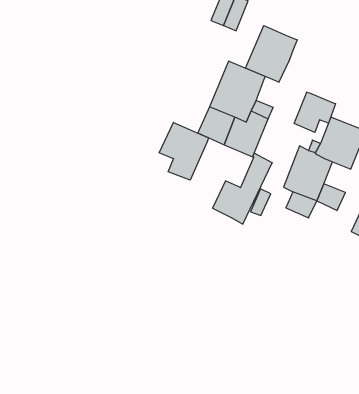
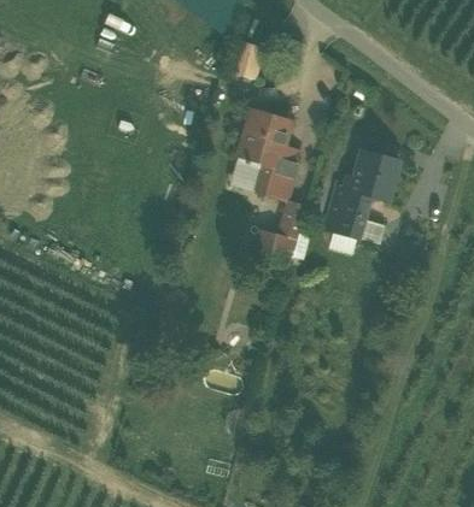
building: [246,26,297,82] -> none
building: [294,92,336,132] -> none
building: [159,122,209,180] -> none

